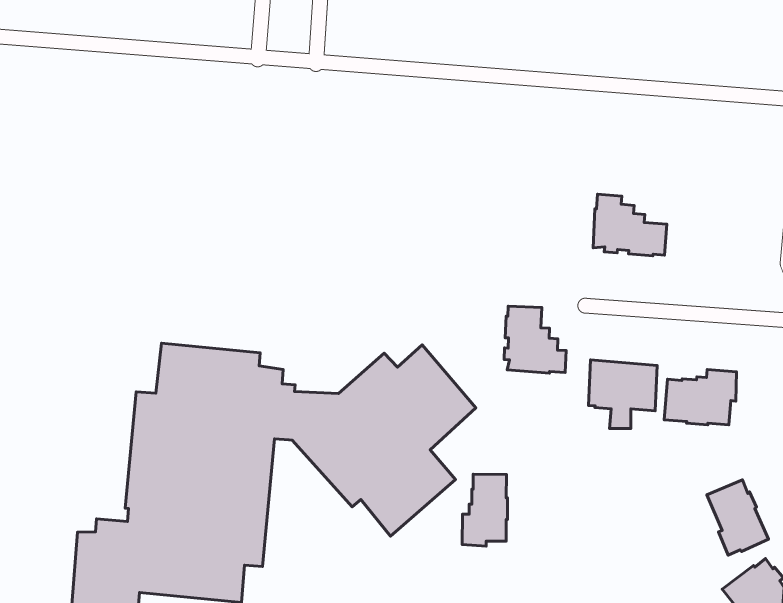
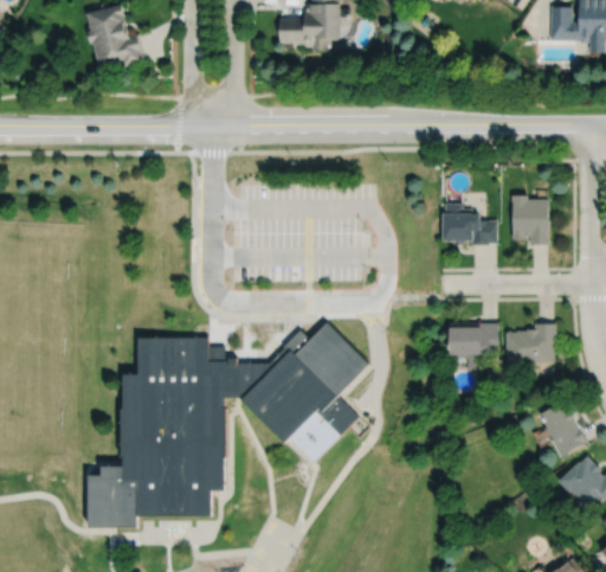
building: none -> [512,195,549,244]
building: [504,306,566,373] -> none
building: [462,474,508,546] -> none

